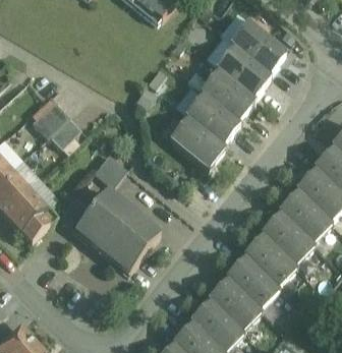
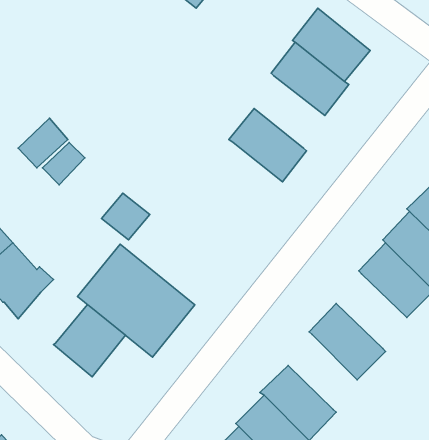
building: [200,67,255,119] -> none
building: [169,115,225,167] -> none
building: [260,210,315,263] -> none
building: none -> [53,305,126,377]
building: [225,253,279,307] -> none

